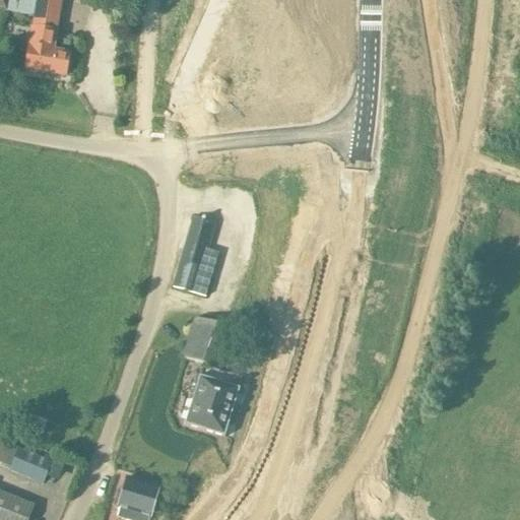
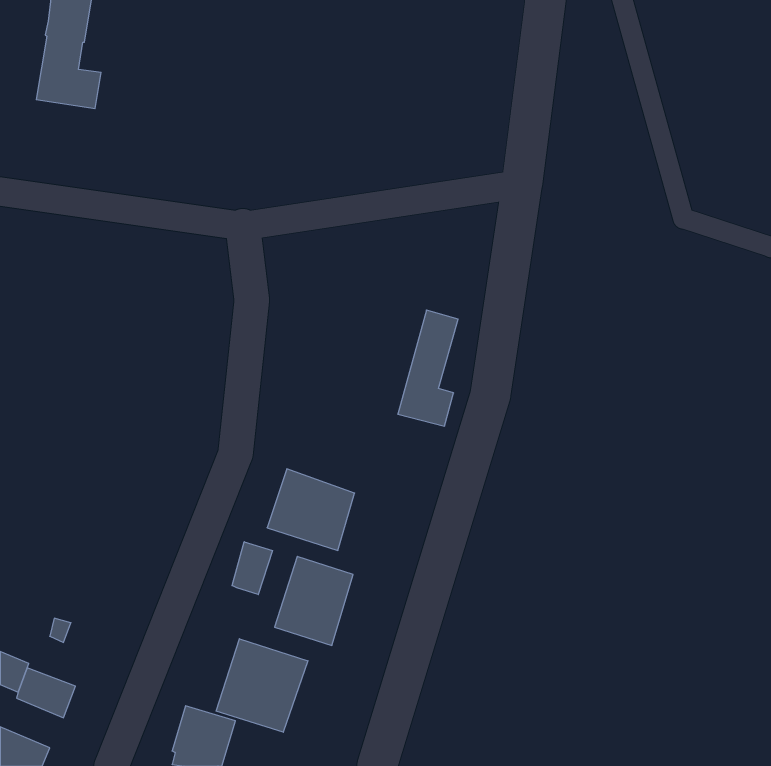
building: [174,215,214,294] -> [398,310,458,426]
building: none -> [232,542,272,595]
building: none -> [216,639,308,732]

